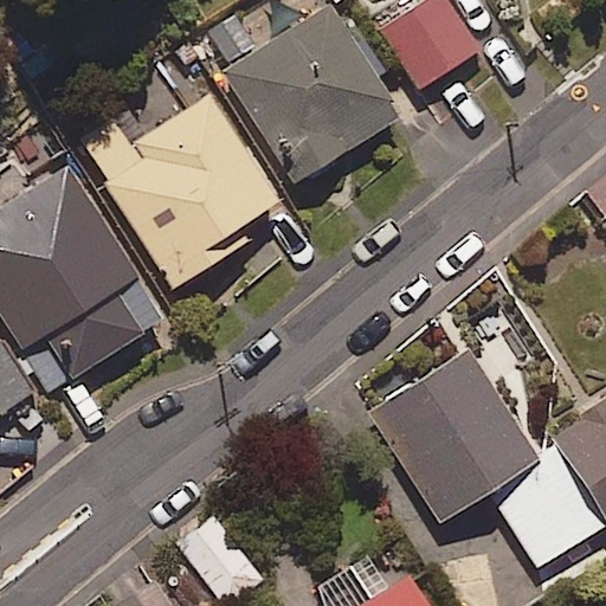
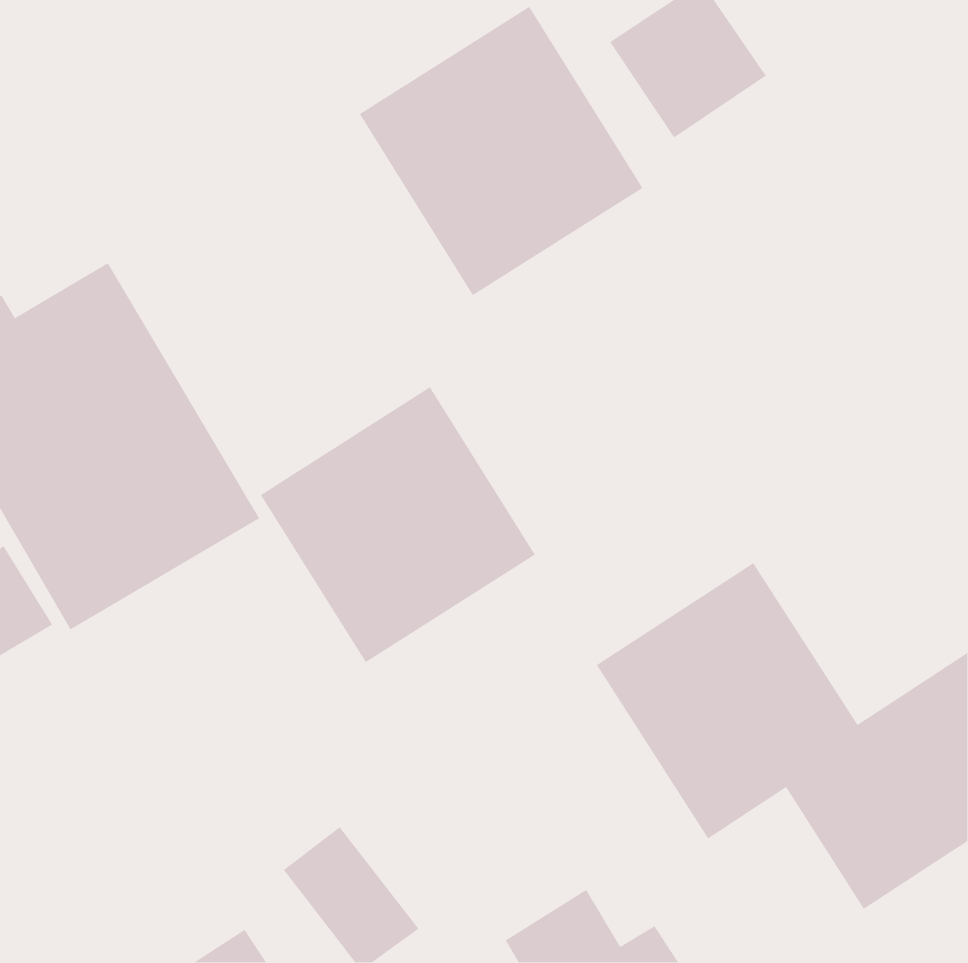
building: [76,95,278,290] -> none
building: none -> [260,386,536,663]

